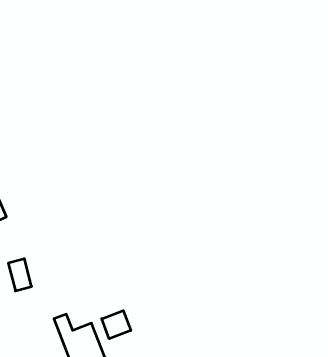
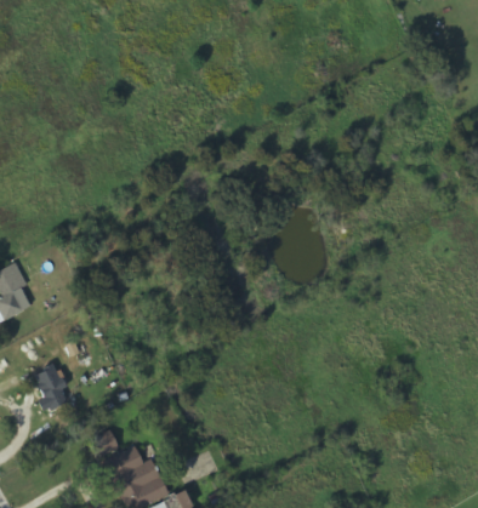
building: [102,311,131,339] -> none

